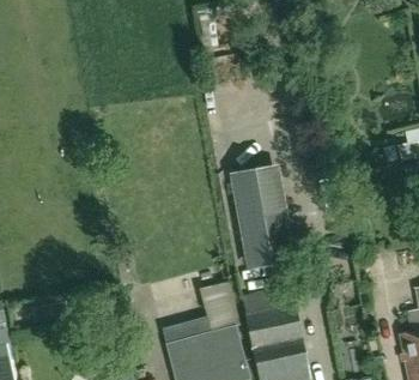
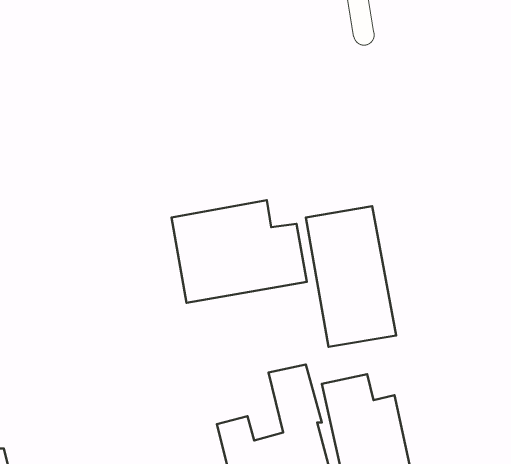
building: none -> [172,200,307,303]

